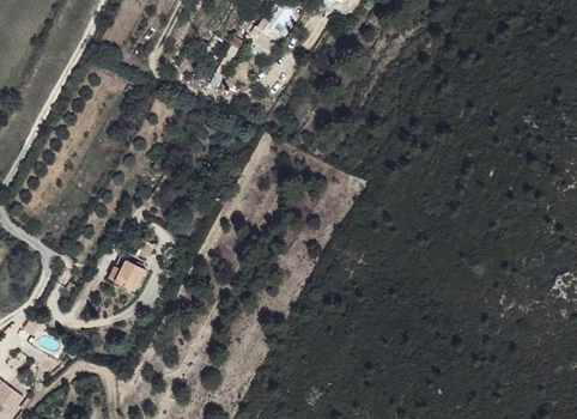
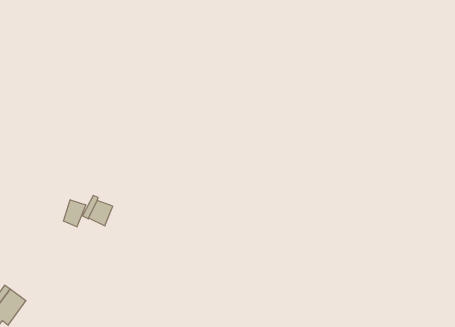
building: none -> [63,200,86,227]

